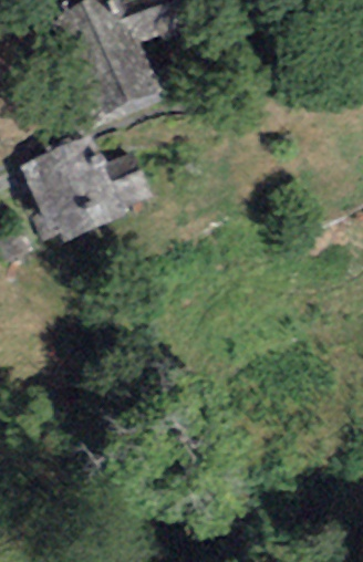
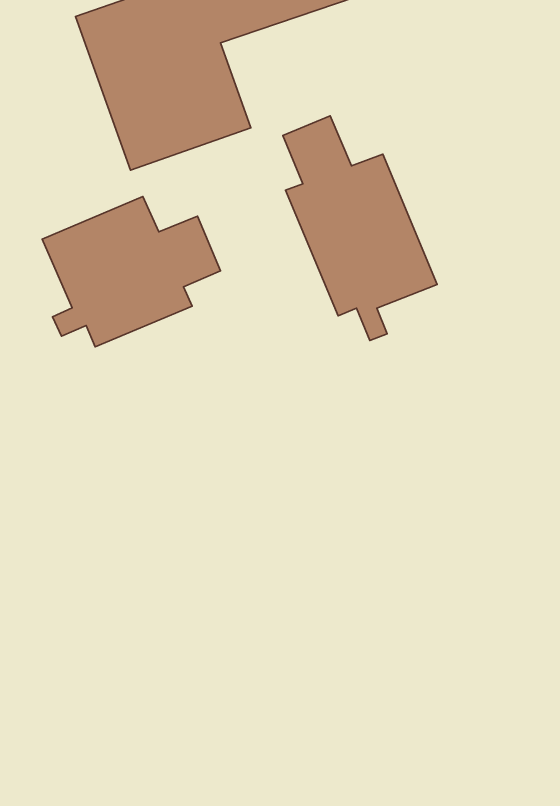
building: none -> [283,116,437,340]

